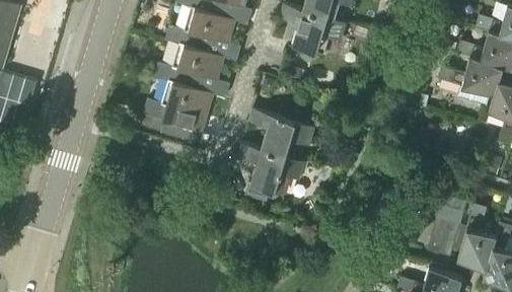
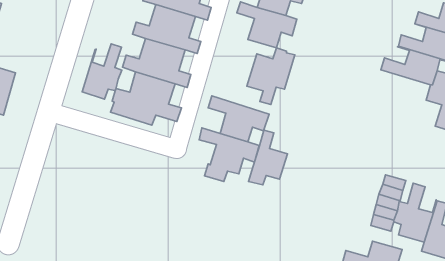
building: none -> [82,44,122,99]
building: none -> [247,48,295,105]
building: none -> [249,130,288,185]

